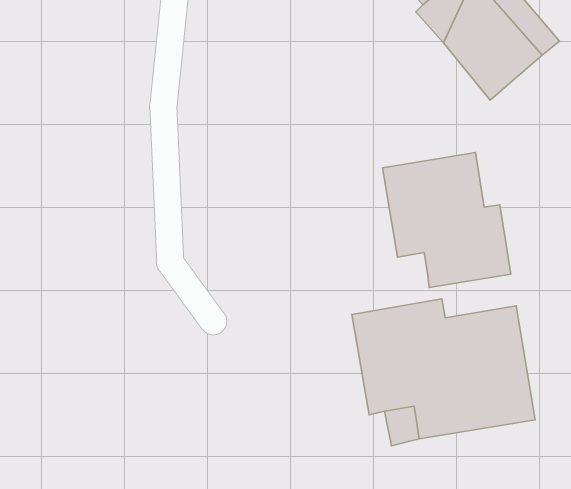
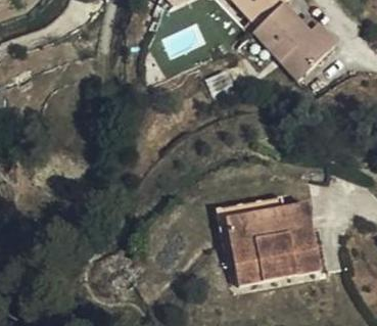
building: [382,152,511,287] -> none

